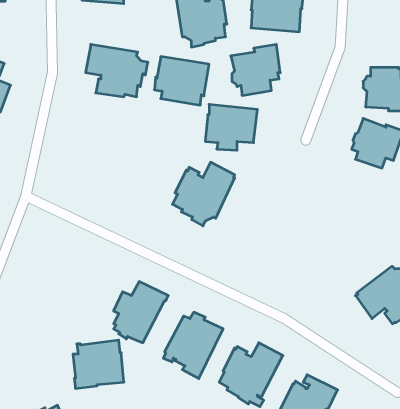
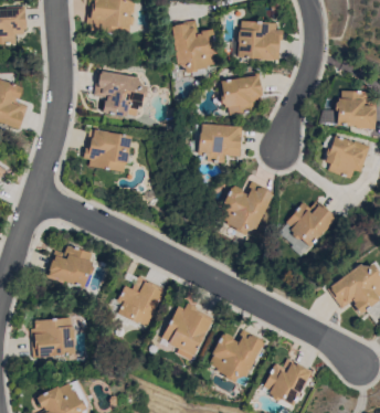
building: [154,57,209,105] -> [84,129,131,171]
building: [172,162,235,226] -> [220,180,274,235]
building: none -> [281,201,338,255]
building: none -> [46,245,94,286]
building: [73,340,124,388] -> [32,316,76,358]

